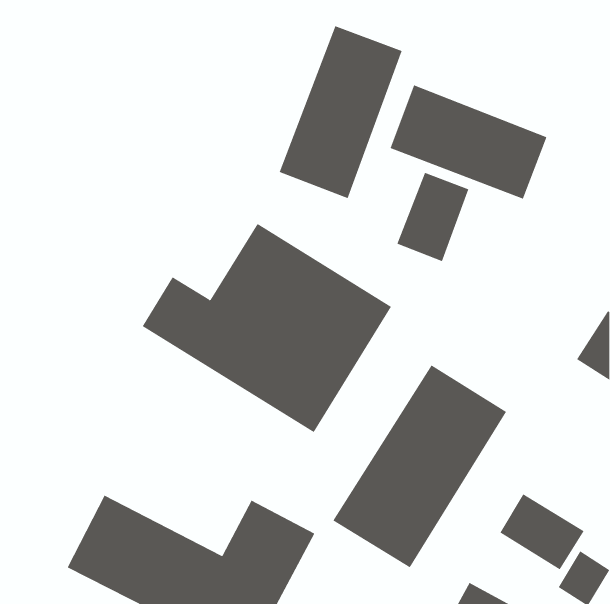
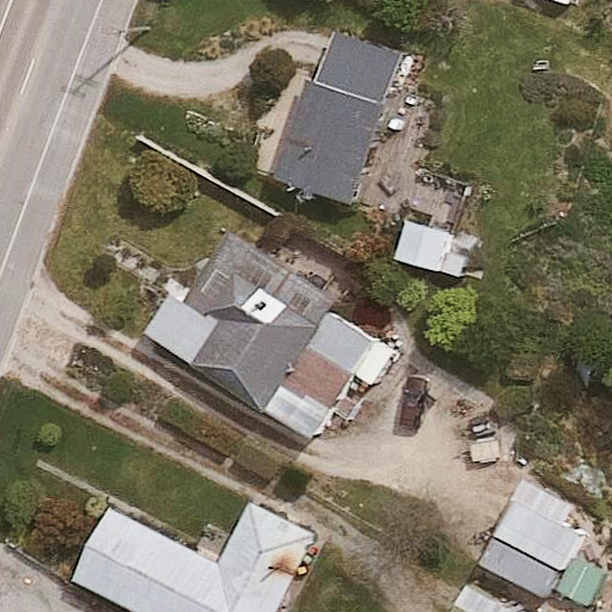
building: [390,85,547,199] -> none
building: [333,365,507,568] -> none

